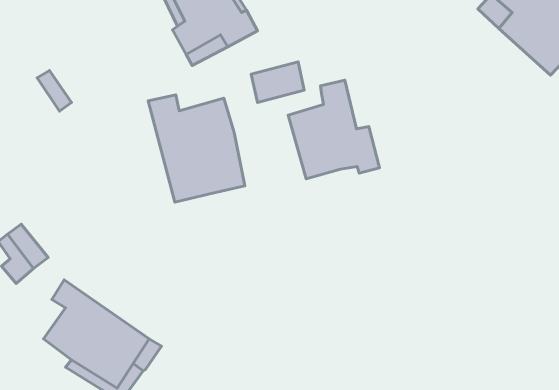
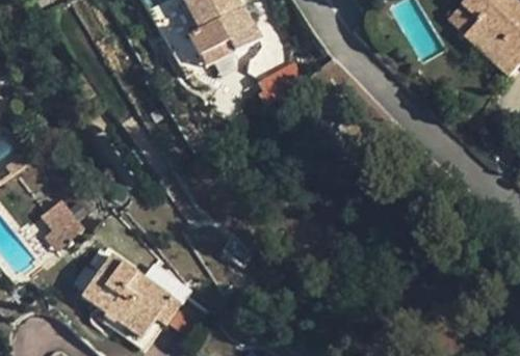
building: [288,80,380,179] -> none
building: [148,95,245,202] -> none

